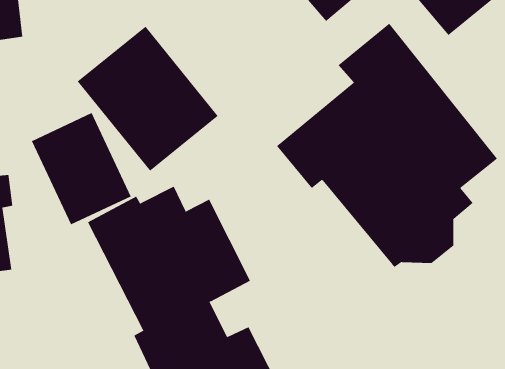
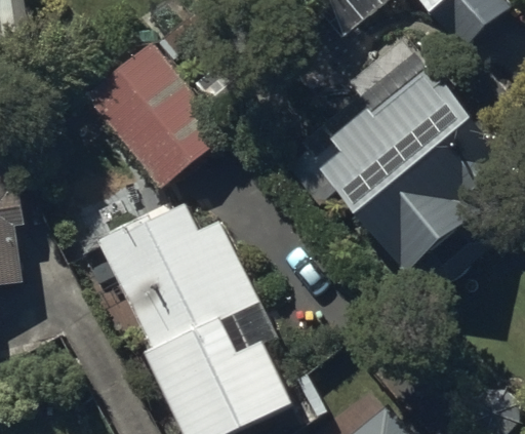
building: [31,112,131,225] -> none

